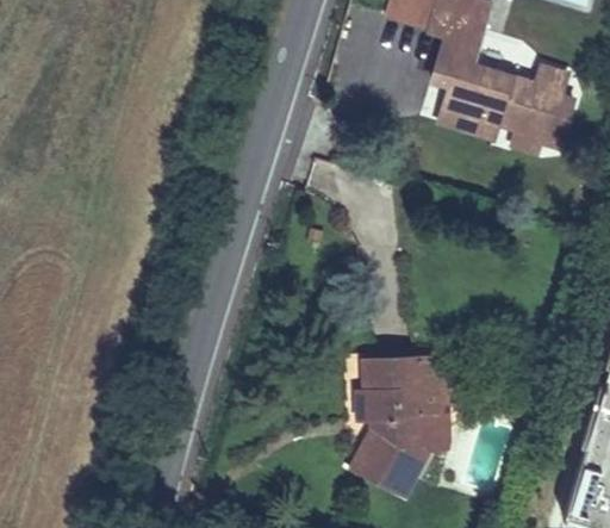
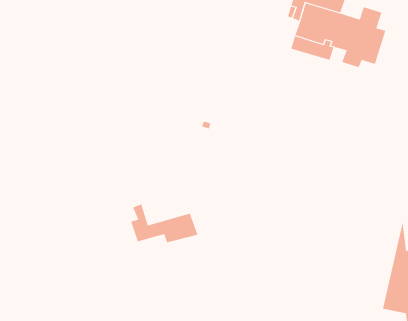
building: none -> [131,204,198,243]
building: [353,355,437,493] -> none

